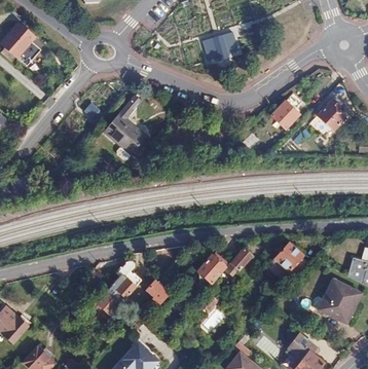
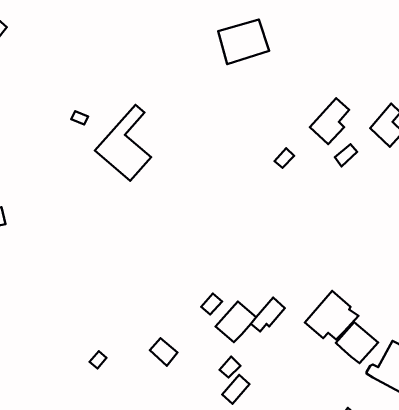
building: [112,260,140,296] -> none
building: none -> [336,322,378,363]

